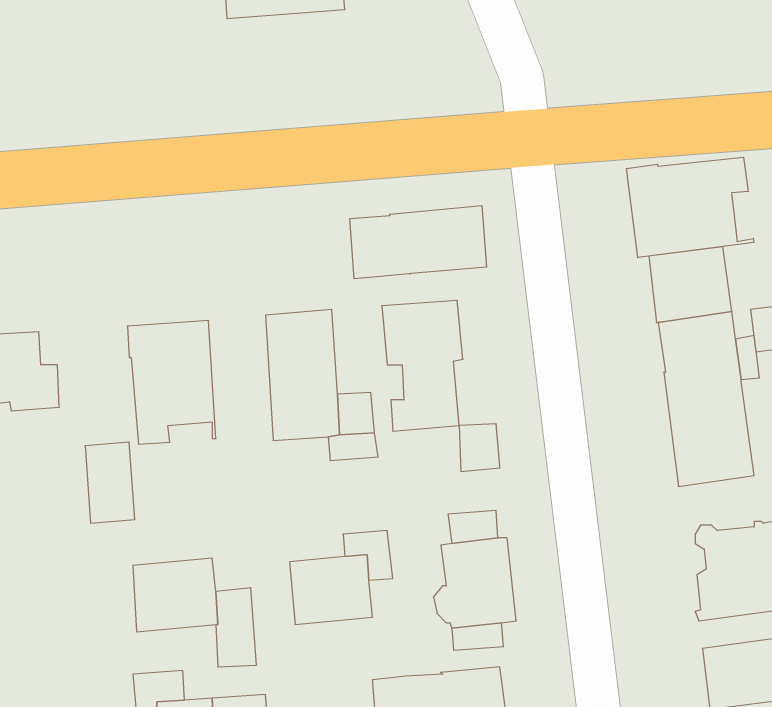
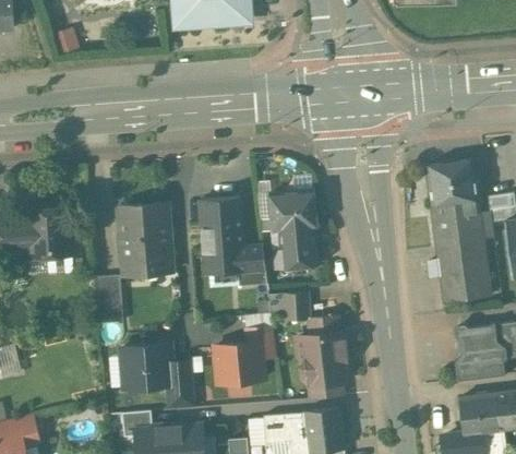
building: [627,157,754,258] -> none
building: [350,206,487,279] -> none
building: [459,424,500,472] -> [284,294,308,322]

